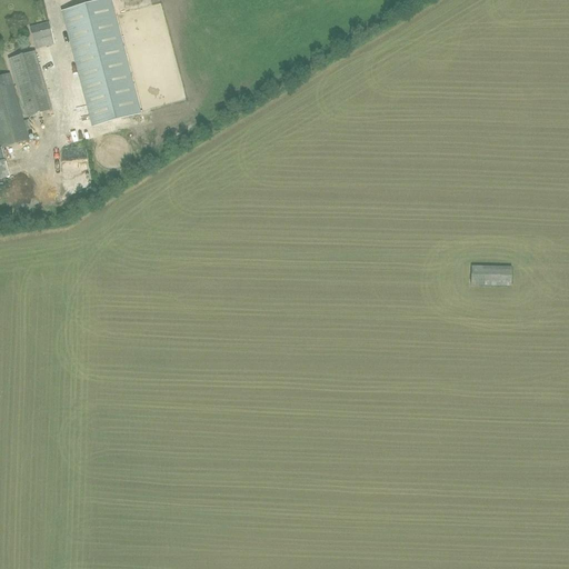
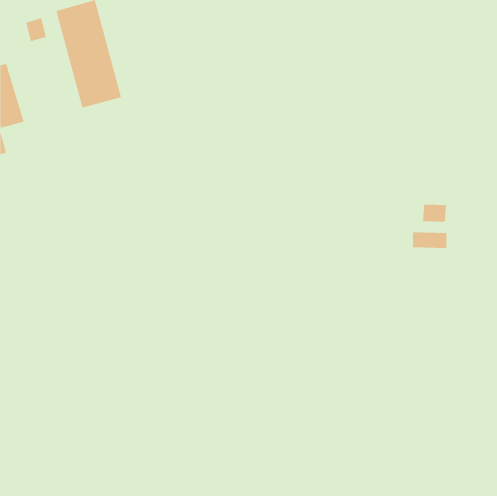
building: [8,50,50,116] -> none
building: none -> [423,204,447,223]

